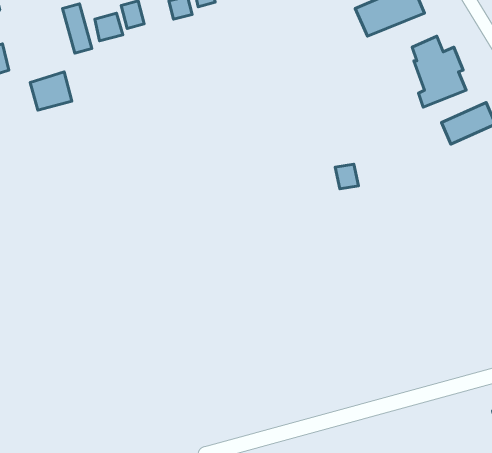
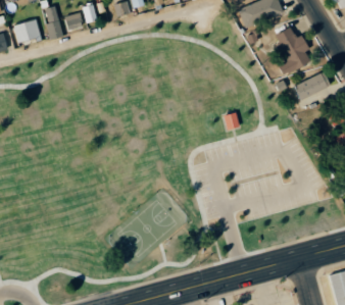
building: [30,72,72,110] -> [13,18,41,44]

